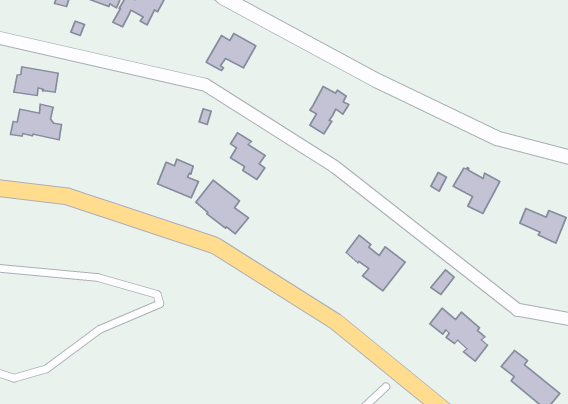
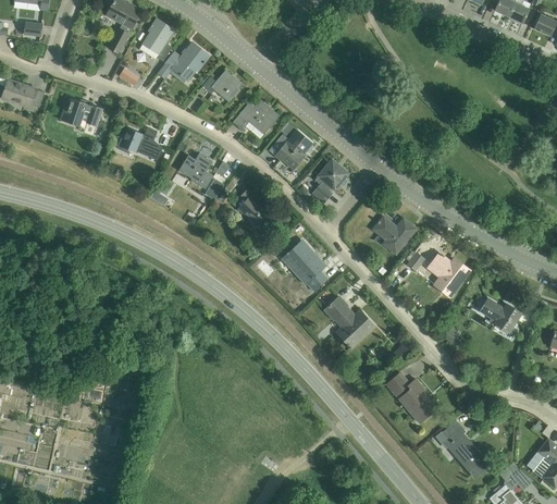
building: none -> [201,70,240,102]
building: none -> [274,130,312,170]
building: [11,104,61,140] -> [116,126,162,160]
building: none -> [373,217,416,254]
building: [158,159,198,198] -> [177,153,213,189]
building: [196,180,249,234] -> [284,241,327,291]

